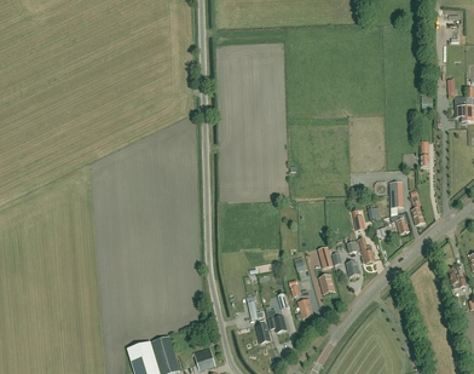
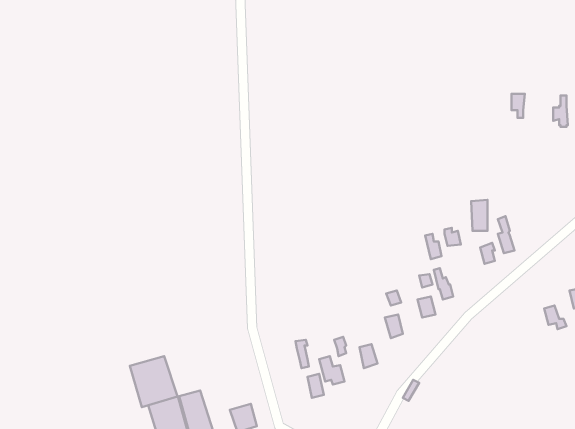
building: none -> [130,356,177,407]

